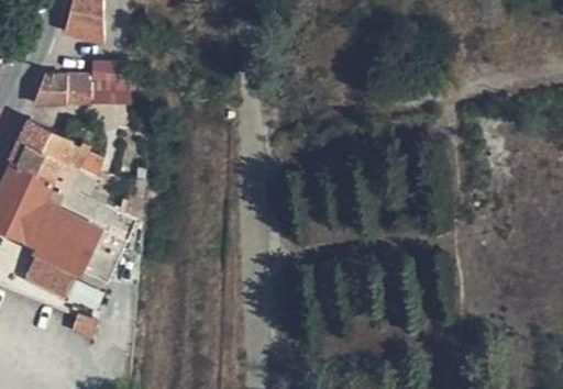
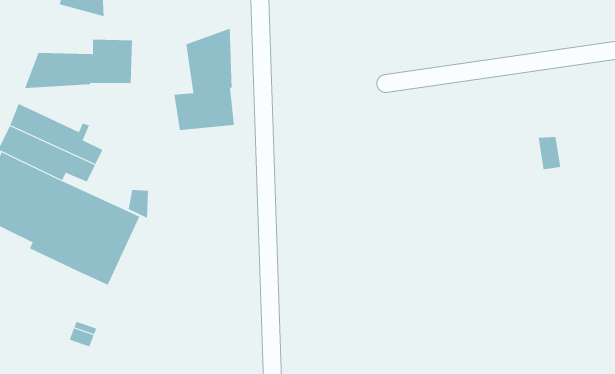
building: none -> [174,28,235,131]
building: [22,249,76,297] -> none

